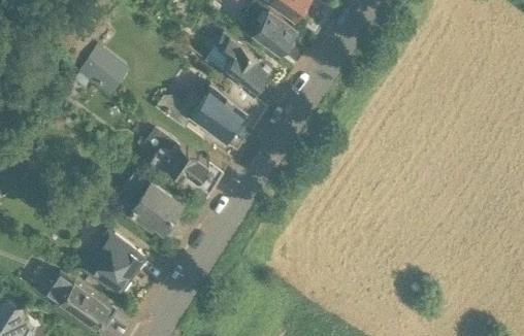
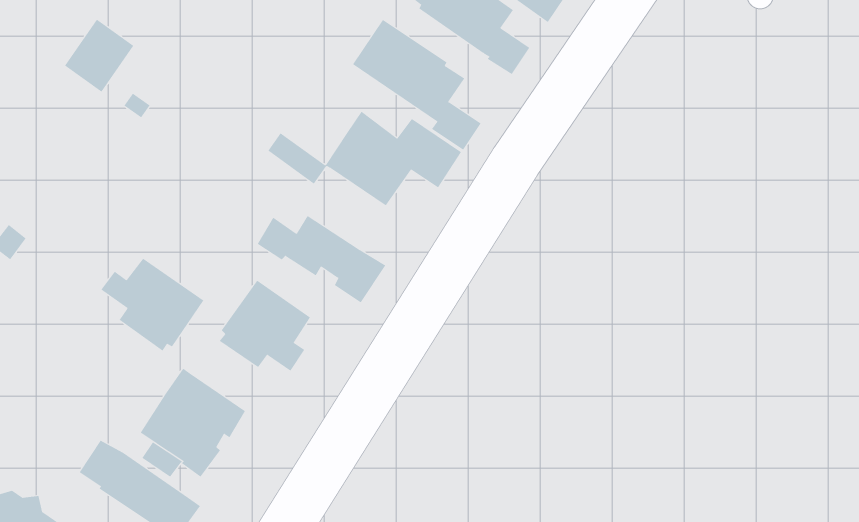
building: [78,46,119,89] -> [64,19,134,93]
building: none -> [101,258,204,351]

